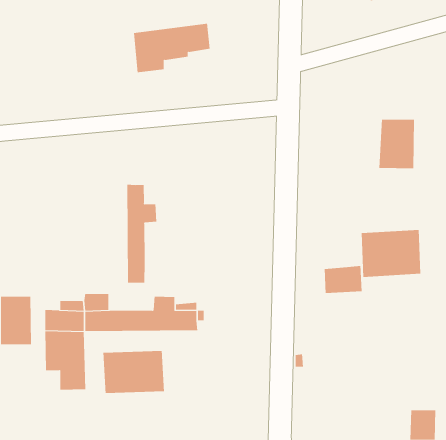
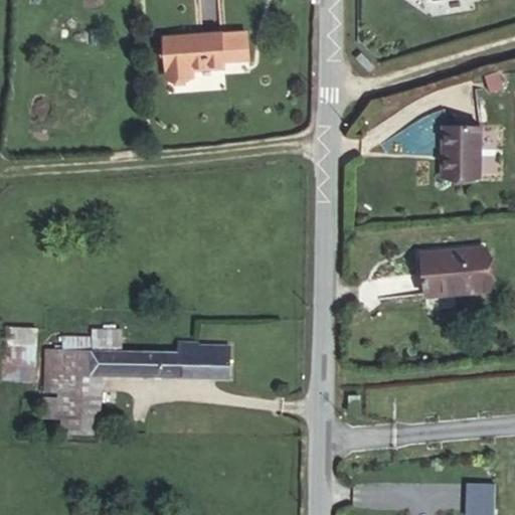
building: [127,184,157,284] -> none
building: [324,265,362,294] -> none
building: [103,350,164,394] -> none

